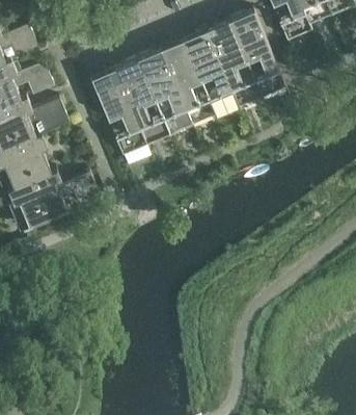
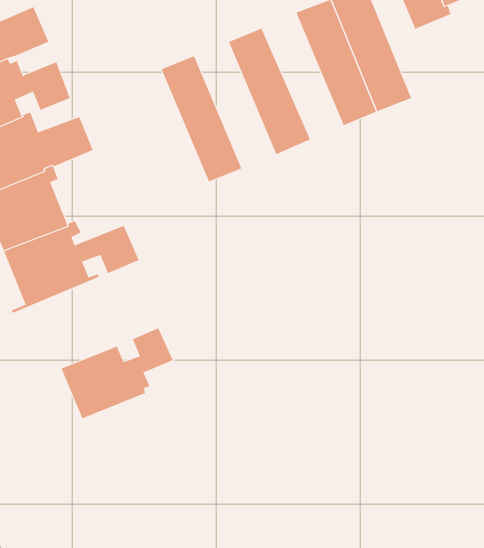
building: [182,25,237,111] -> none
building: [136,45,191,131] -> none
building: [88,63,145,151] -> none
building: none -> [61,327,174,419]

